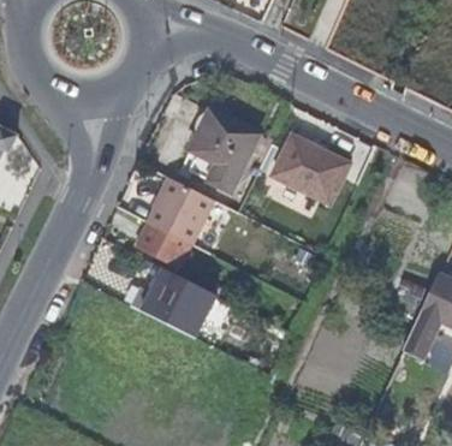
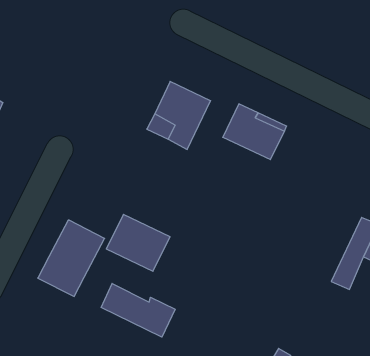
building: [142,182,221,272] -> [38,220,105,296]
building: none -> [101,283,175,337]

